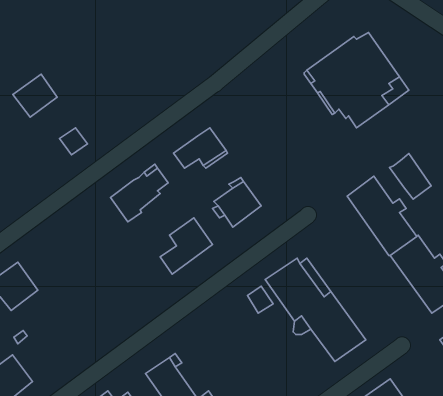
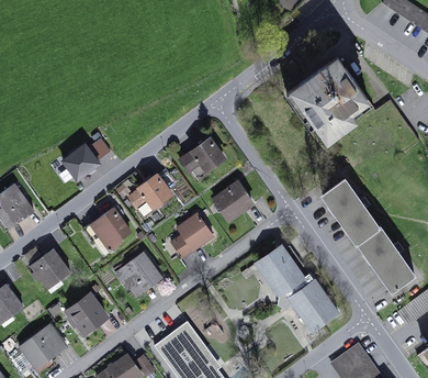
building: [13,74,57,117] -> [63,144,99,179]
building: [389,154,431,199] -> none
building: none -> [83,208,131,254]
building: none -> [116,252,162,296]
building: none -> [68,294,106,333]

